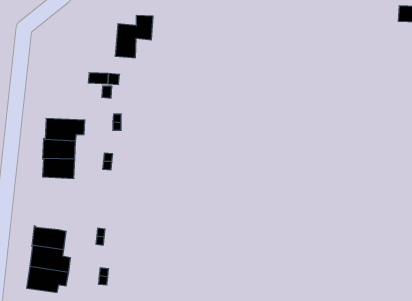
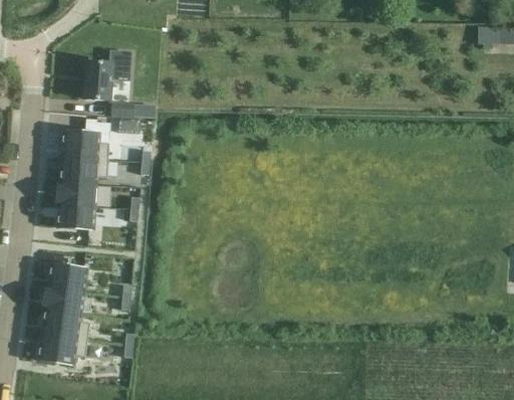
building: [115,15,153,58] -> [84,50,130,101]
building: none -> [60,131,107,159]
building: none -> [48,263,88,291]

